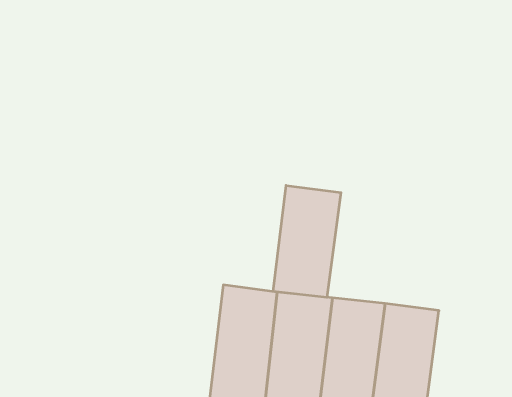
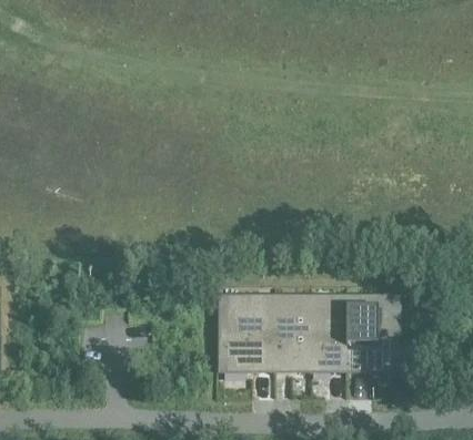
building: [273,185,341,297] -> none

